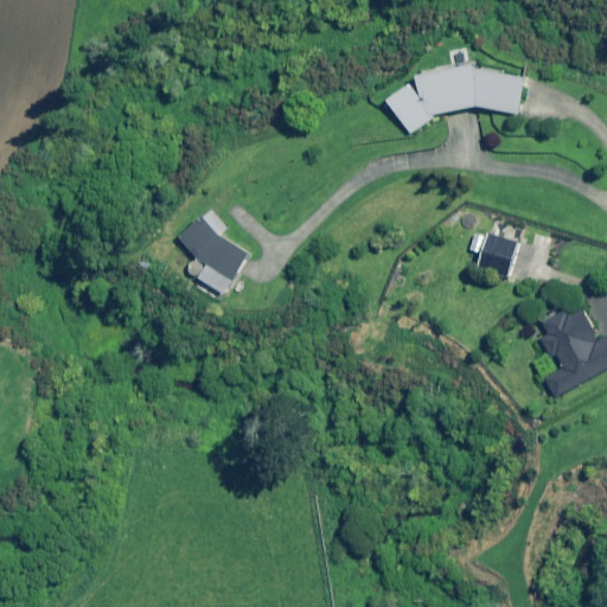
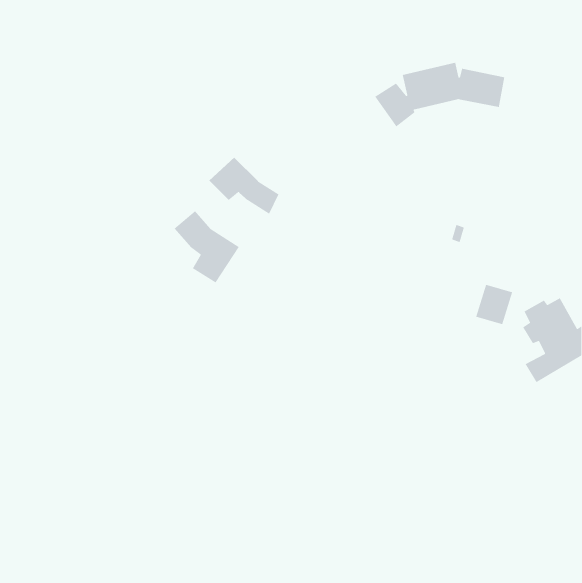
building: none -> [208,157,280,215]
building: [475,234,515,276] -> [475,284,513,325]

